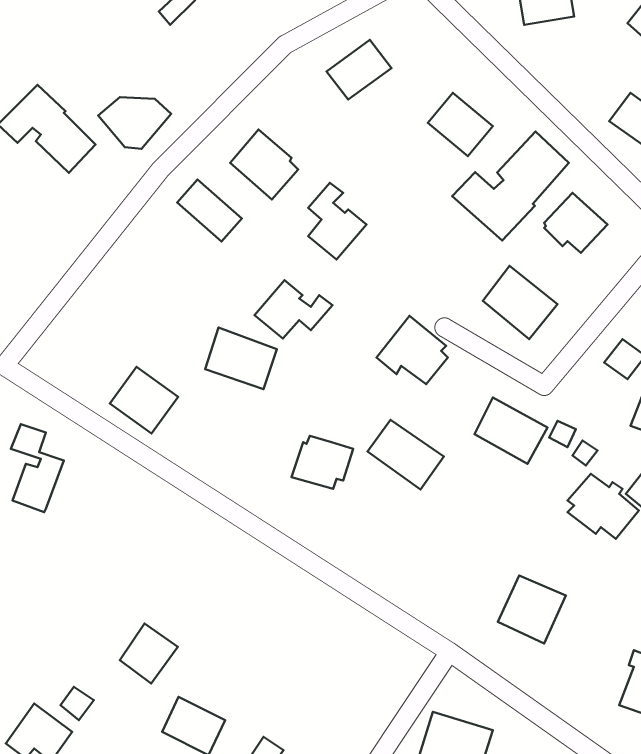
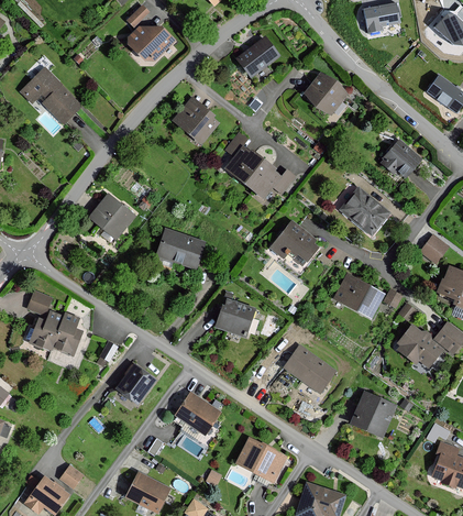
building: [98,97,171,149] -> [124,26,173,61]
building: [452,131,569,240] -> none
building: [177,179,242,242] -> none
building: [254,280,333,338] -> [243,160,295,198]
building: [110,367,178,433] -> [91,195,136,239]
building: [367,420,444,490] -> [284,345,334,392]
building: none -> [51,312,81,355]
building: none -> [175,392,220,435]
building: [120,624,178,683] -> [117,364,155,404]
building: none -> [235,438,285,481]

